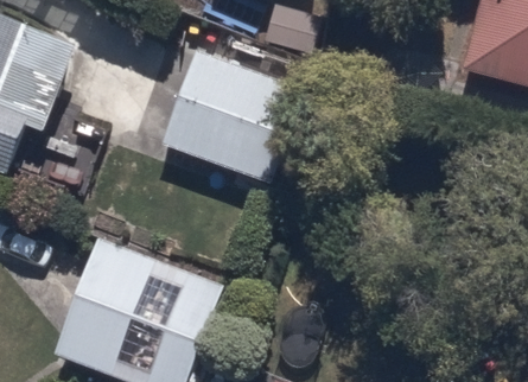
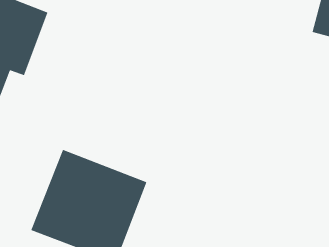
building: [161,50,305,184] -> none

